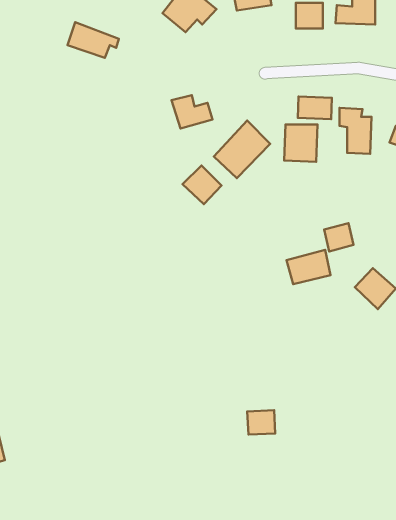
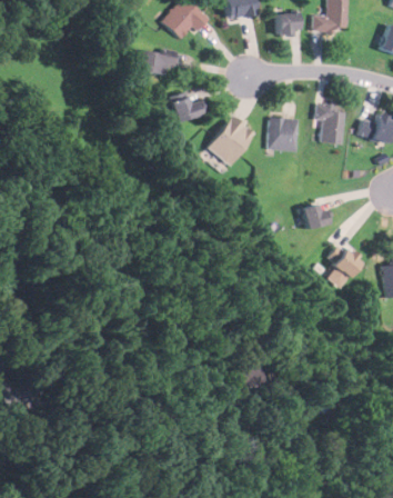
building: [68,22,119,58] -> [132,46,177,77]
building: [298,97,332,119] -> none
building: [183,165,221,204] -> none
building: [287,250,331,284] -> none

